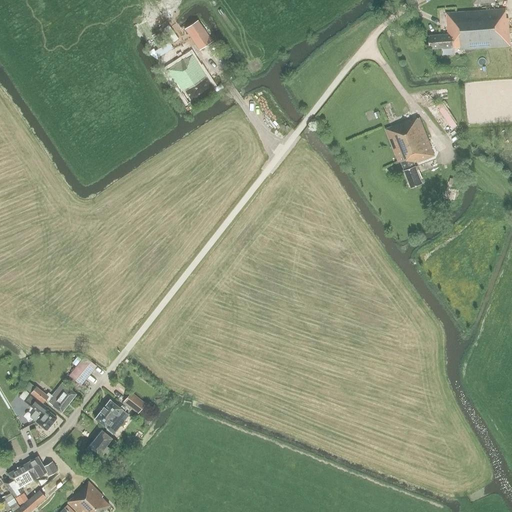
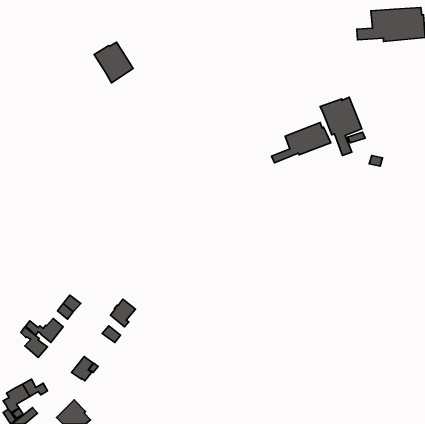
building: [185,19,213,49] -> none
building: [166,54,213,103] -> [94,42,133,83]
building: none -> [271,122,331,163]
building: [95,399,125,432] -> [110,299,135,327]

